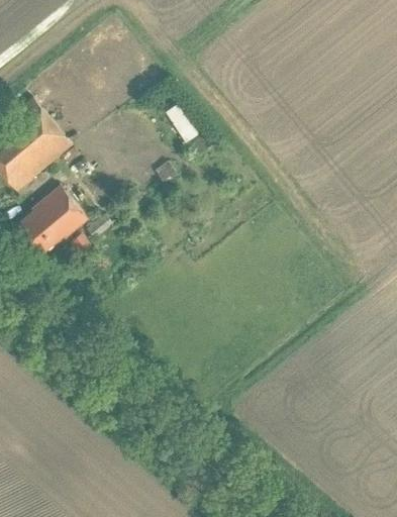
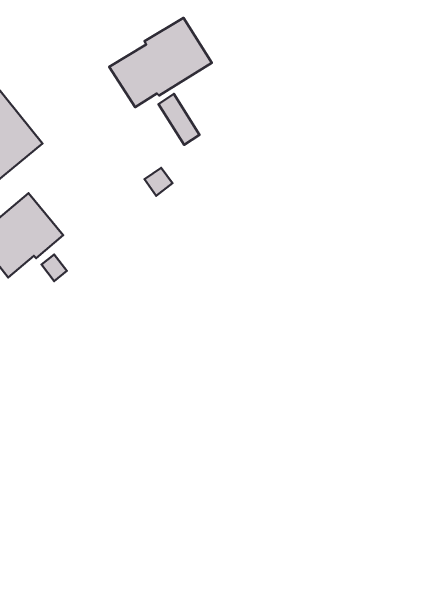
building: none -> [109,18,212,107]

